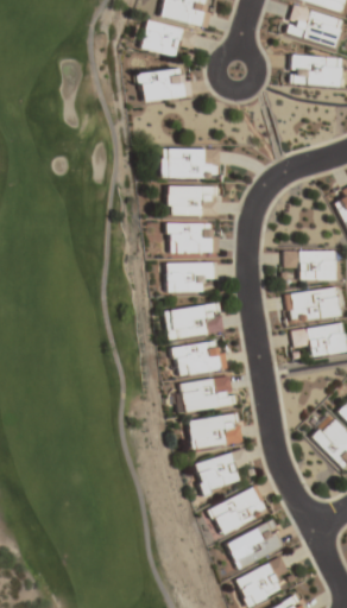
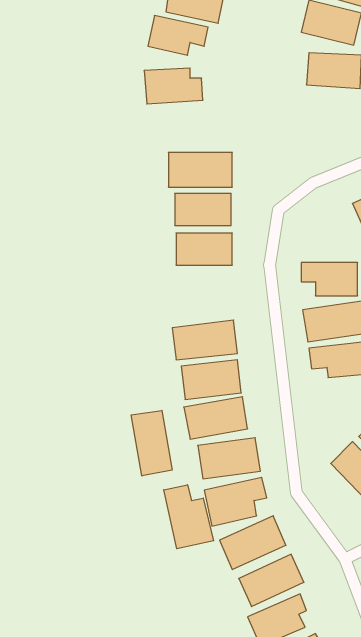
building: [166,260,216,292] -> none
building: none -> [131,410,172,476]
building: none -> [164,485,214,549]

